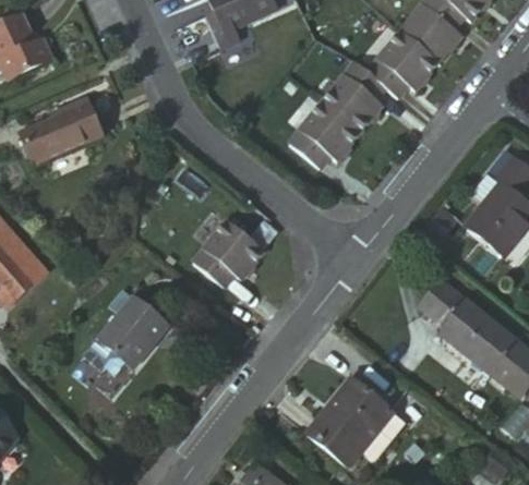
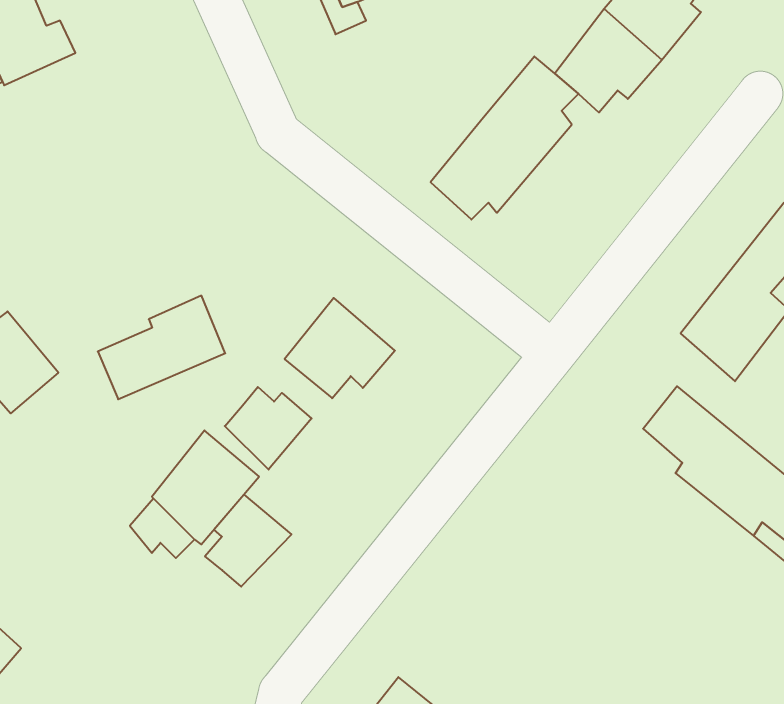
building: [20,101,101,168] -> [98,296,225,399]
building: none -> [225,387,312,470]
building: none -> [205,494,291,587]
building: [313,381,398,472] -> none

